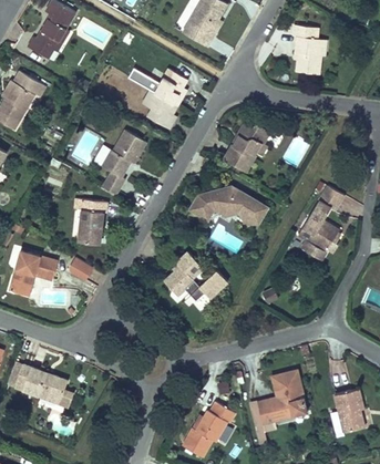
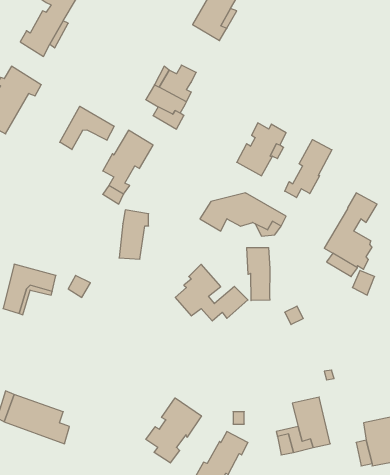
building: [295,30,323,79] -> none
building: none -> [60,106,114,150]
building: none -> [285,140,332,198]
building: [80,196,106,240] -> [119,210,149,259]
building: none -> [247,248,270,301]
building: none -> [146,398,201,463]

